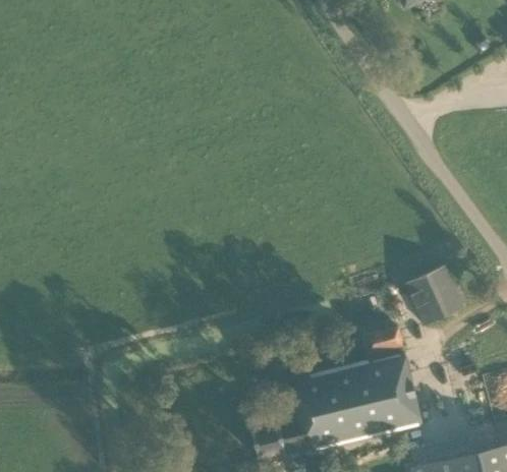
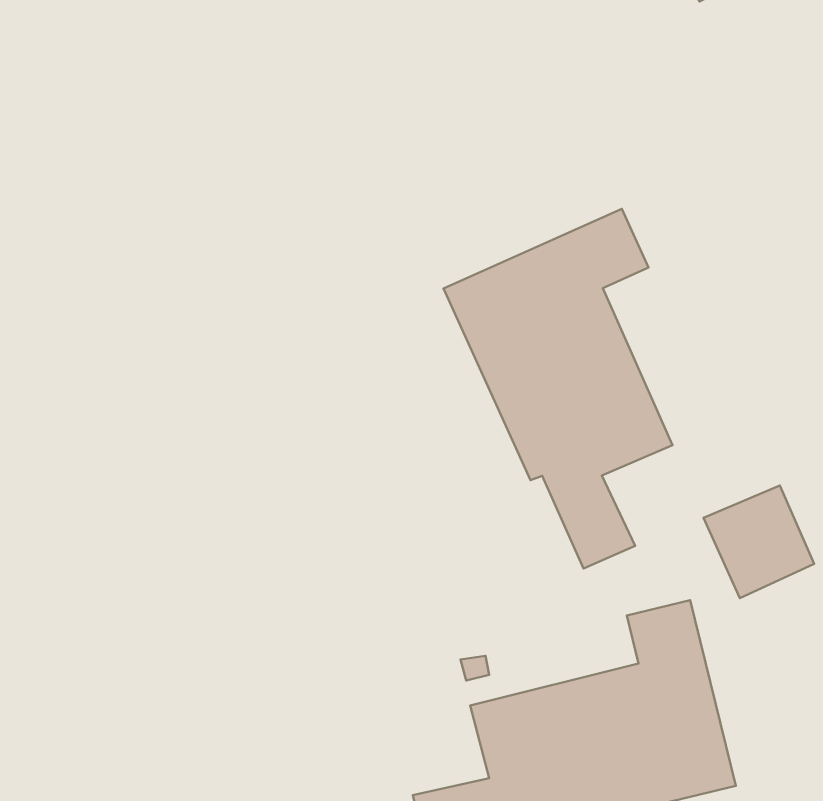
building: none -> [444,209,672,569]

